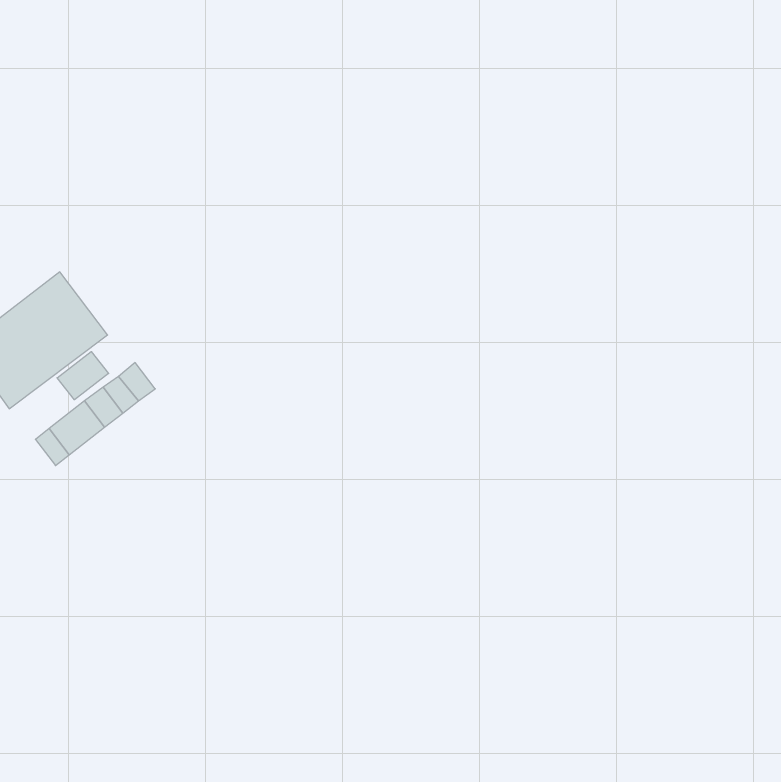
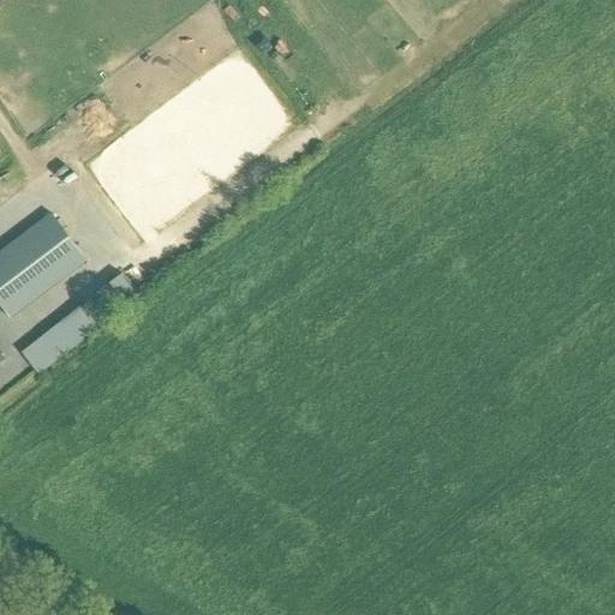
building: [57,352,109,400] -> none

